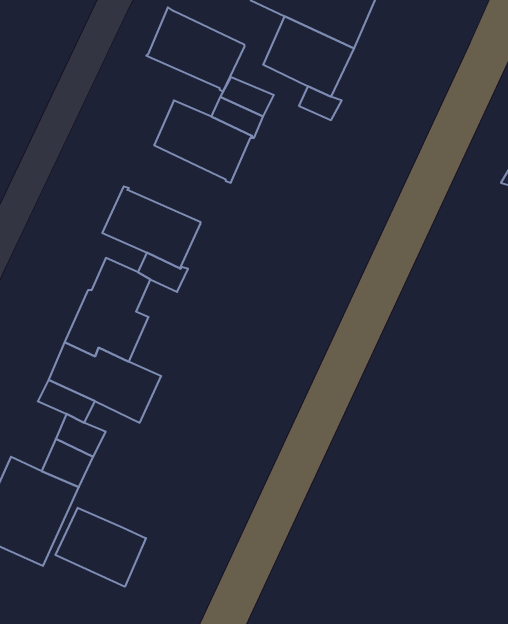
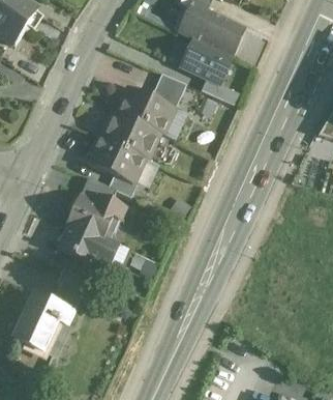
building: [146,7,245,91] -> [101,109,158,158]
building: [55,508,146,587] -> none

